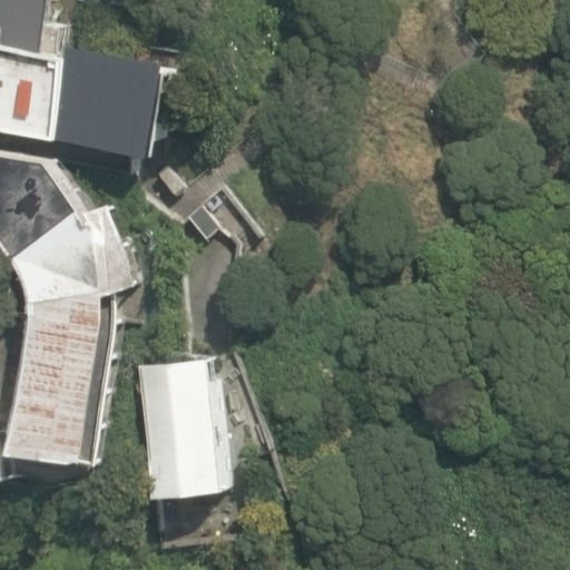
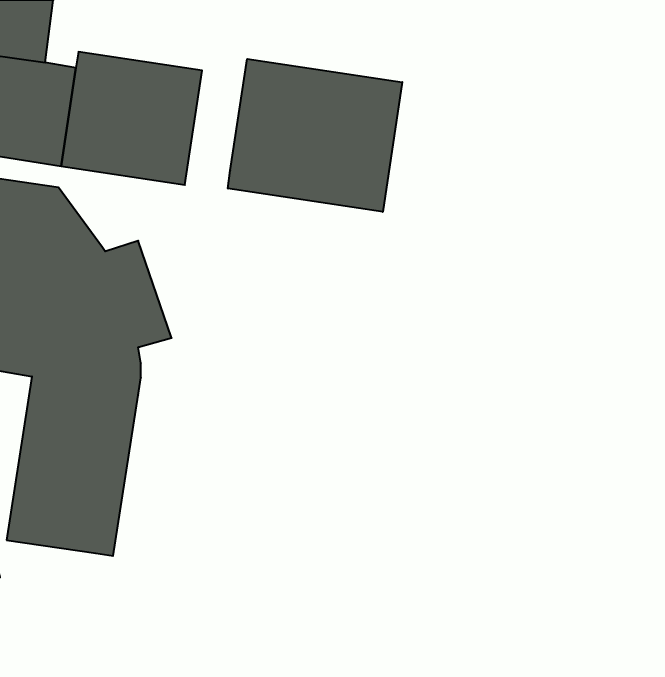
building: none -> [228,59,402,212]
building: [135,358,222,500] -> none

